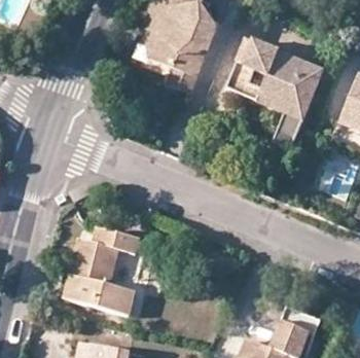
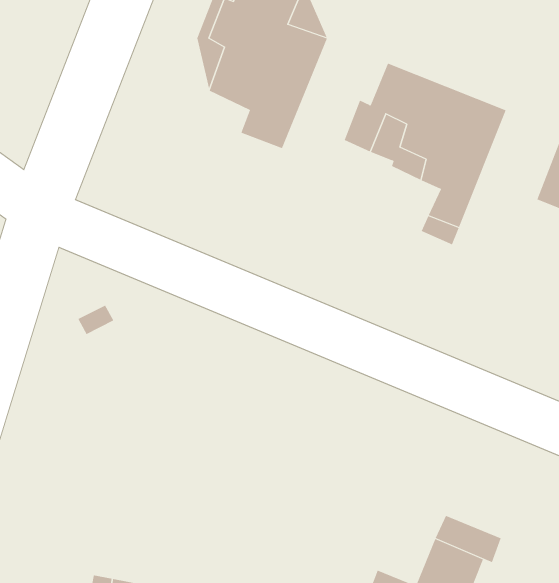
building: [64,226,140,314] -> none

